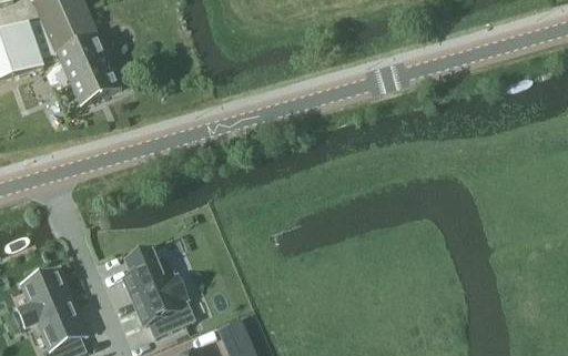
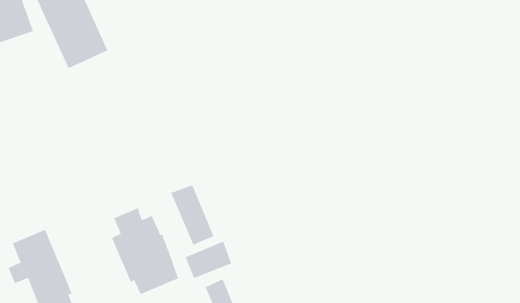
building: none -> [170,185,214,246]
building: none -> [185,241,232,279]

